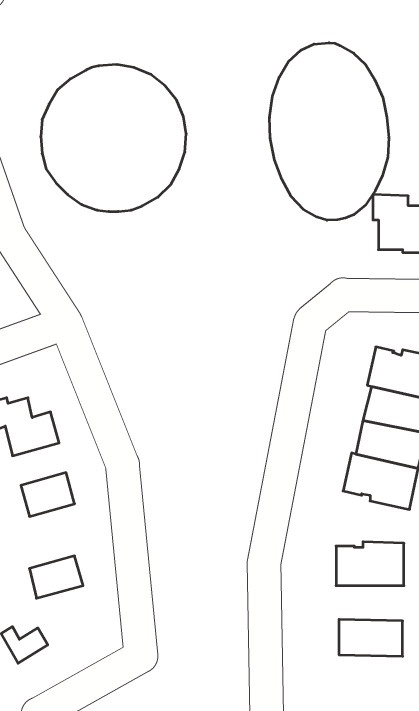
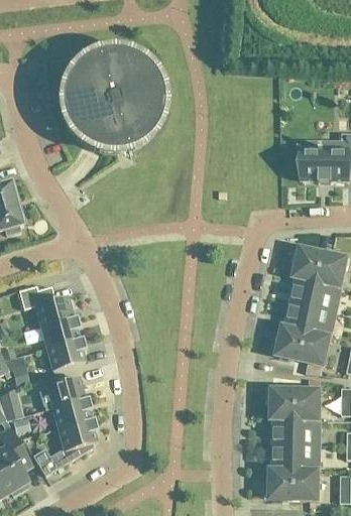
building: [270,43,389,220] -> none
building: none -> [40,316,79,347]
building: none -> [39,376,85,408]
building: none -> [57,418,97,461]
building: none -> [273,418,320,443]
building: none -> [269,468,319,499]

